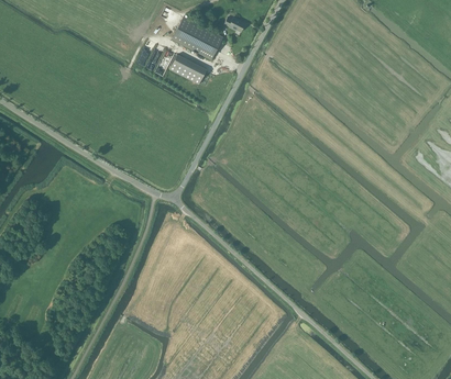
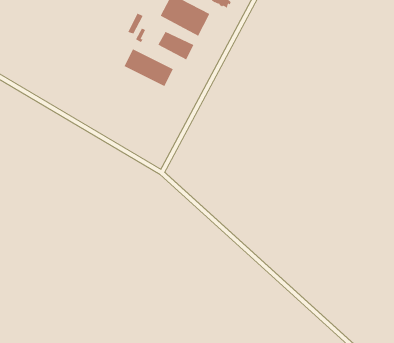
building: none -> [124,49,174,87]

